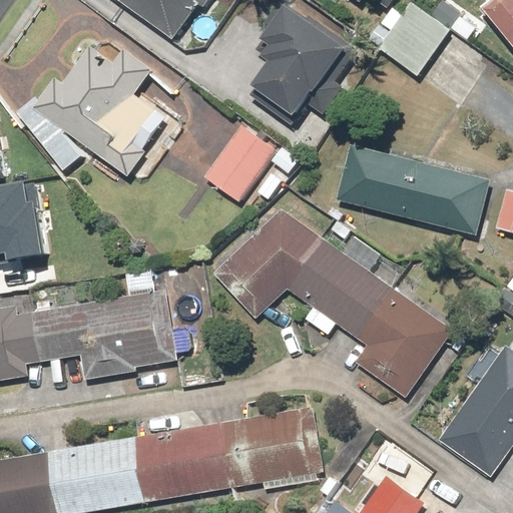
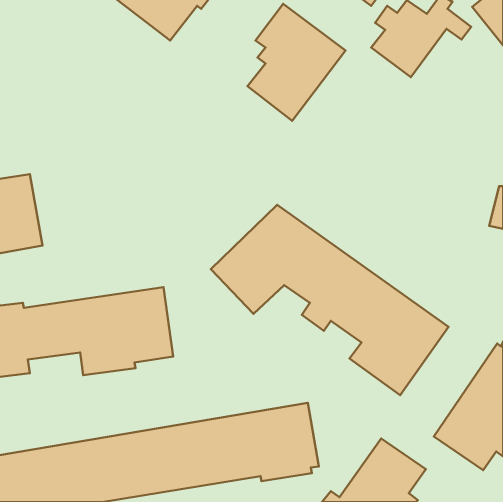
building: [16,46,168,177] -> none
building: [203,124,276,202] -> none
building: [335,144,494,237] -> none

